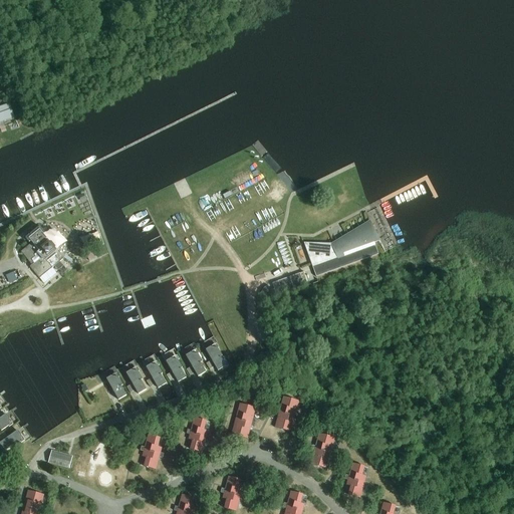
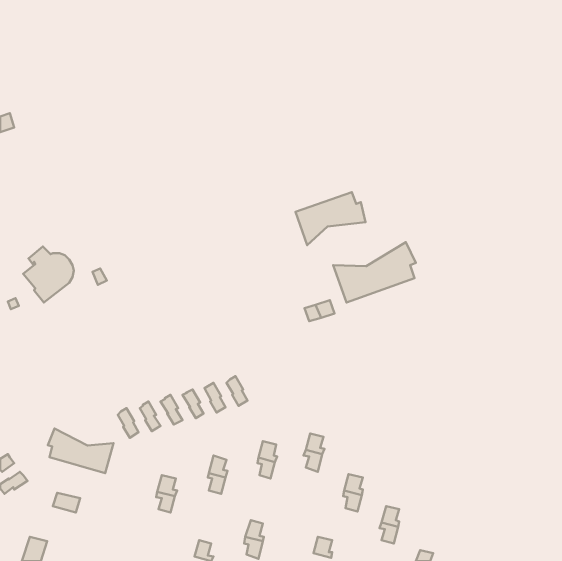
building: none -> [295,192,366,245]
building: none -> [48,428,114,473]

